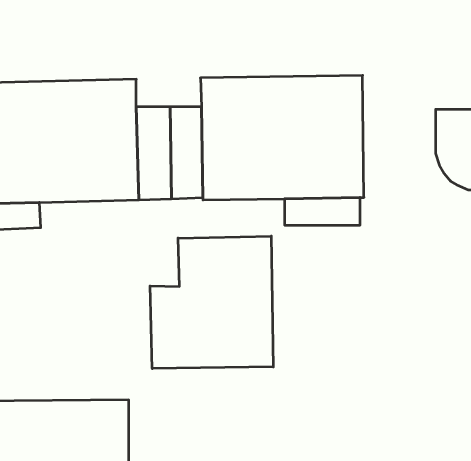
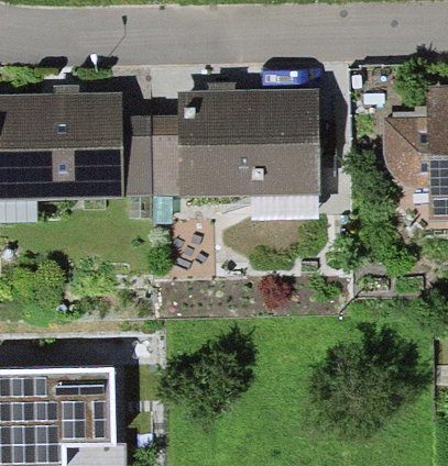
building: [150,236,273,369] -> none

